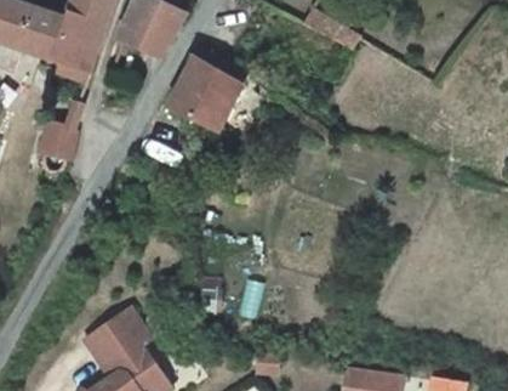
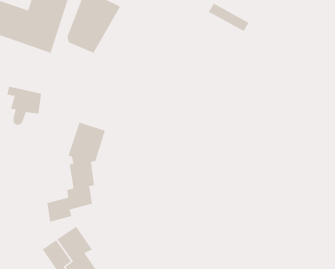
building: [171,51,249,129] -> none
building: none -> [47,122,106,222]

